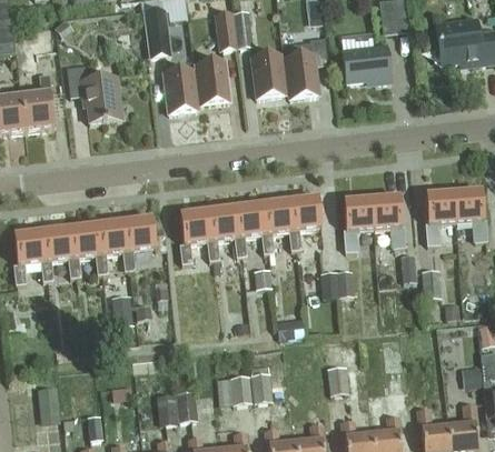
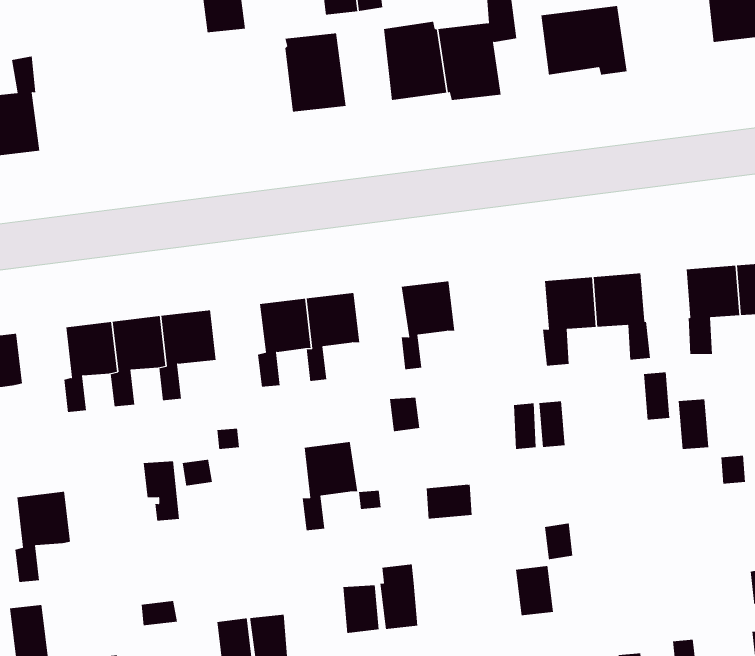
building: [67,63,122,122] -> none
building: [164,68,199,113] -> none
building: [288,198,321,249] -> none
building: [234,204,266,255] -> [302,442,358,531]
building: [40,228,72,280] -> [15,491,71,582]

